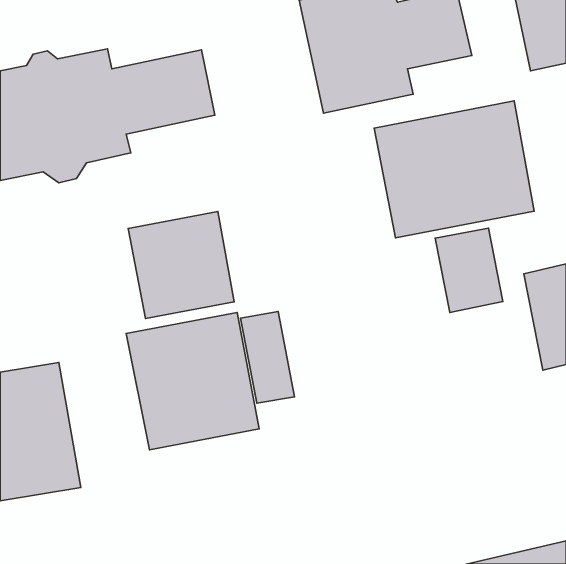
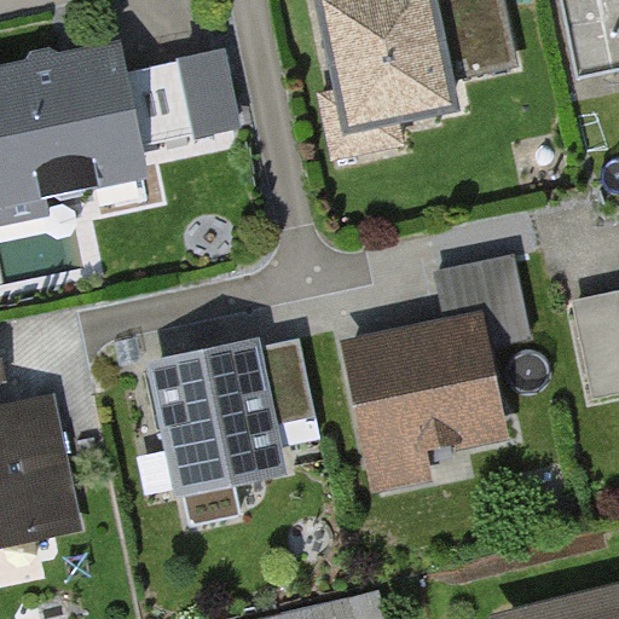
building: [374,101,534,238] -> none
building: [128,212,234,319] -> none
building: none -> [336,313,507,493]

